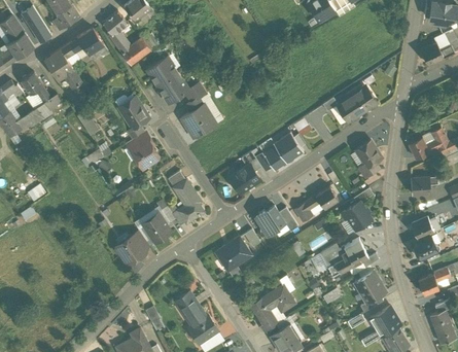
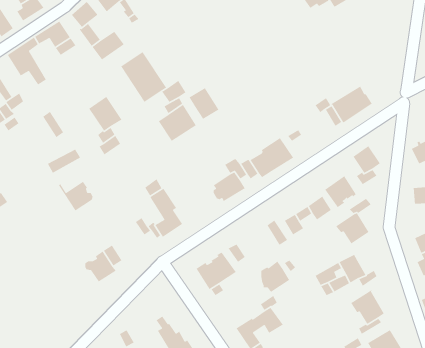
building: none -> [189,87,220,120]
building: [125,139,156,167] -> [58,181,94,212]
building: none -> [324,175,357,208]
building: [257,205,284,234] -> [260,261,290,293]
building: [141,211,170,241] -> none

